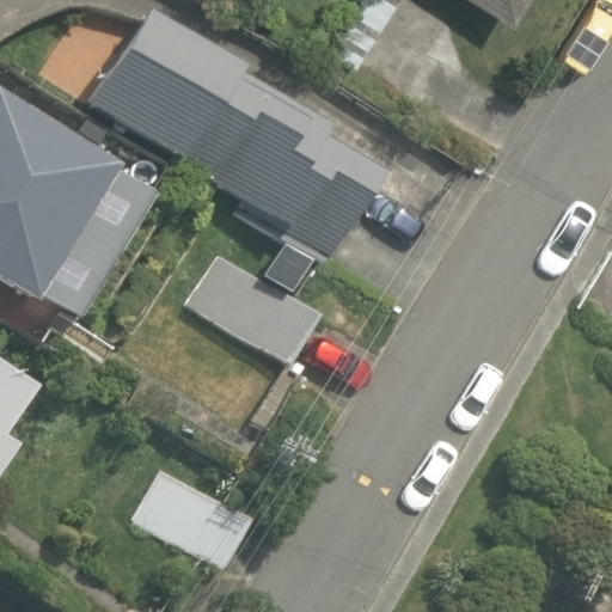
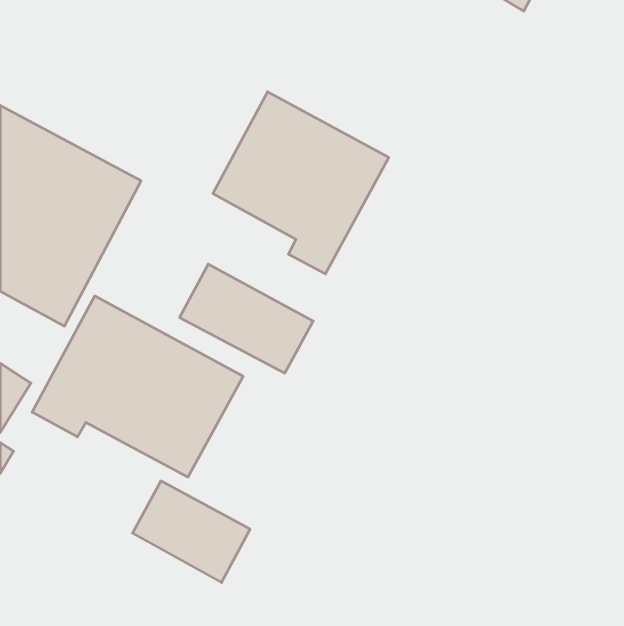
building: [85,19,267,186] -> none
building: none -> [32,296,243,477]

